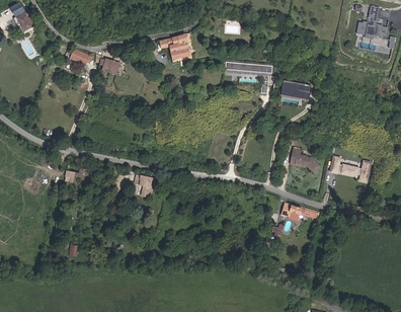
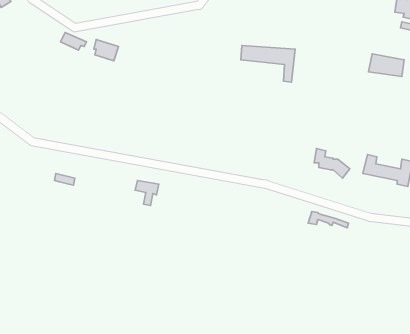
building: [159,34,190,60] -> none
building: [279,79,310,98] -> [369,54,404,76]

